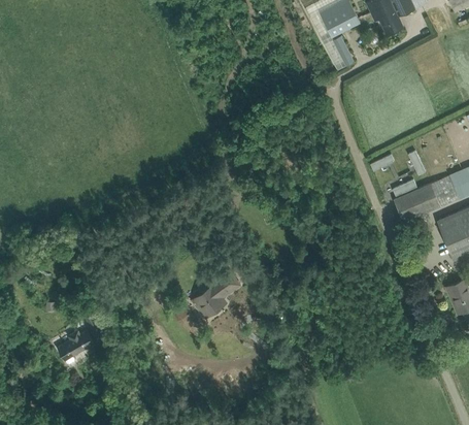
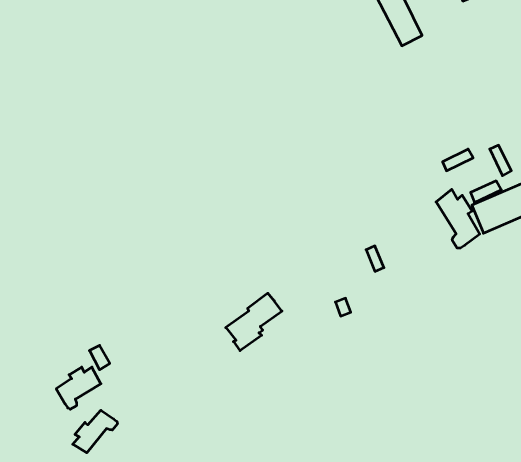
building: none -> [436,189,480,248]
building: none -> [73,410,117,453]

